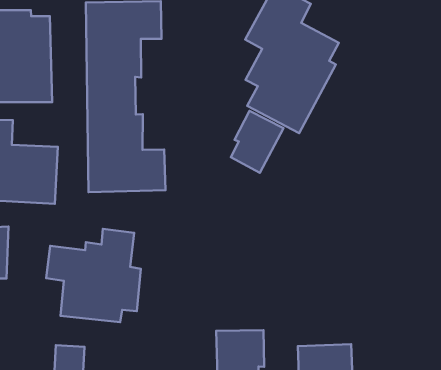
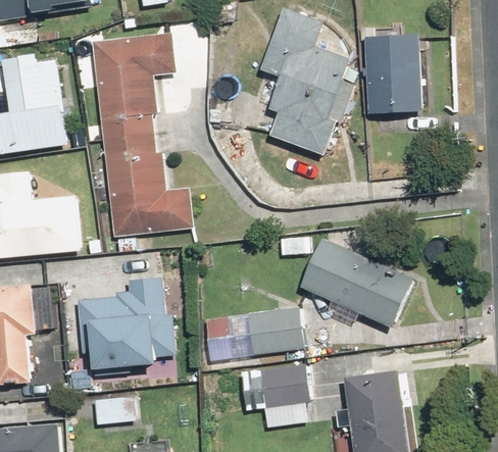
building: none -> [365,38,421,115]
building: [231,111,284,173] -> none
building: none -> [299,237,413,328]
building: none -> [202,307,302,359]

